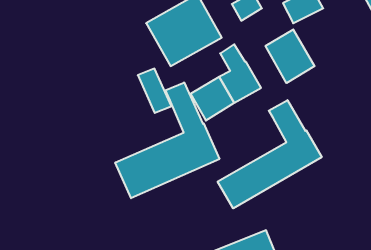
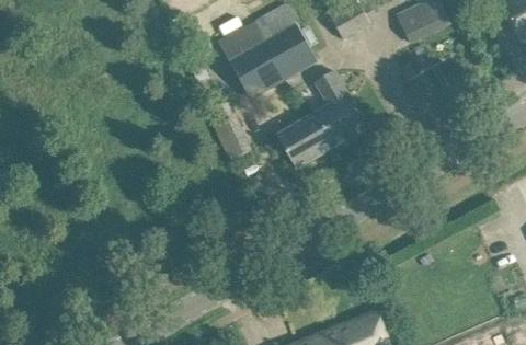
building: [266,29,315,83] -> none
building: [115,82,219,198] -> none
building: [218,100,322,208] -> none

